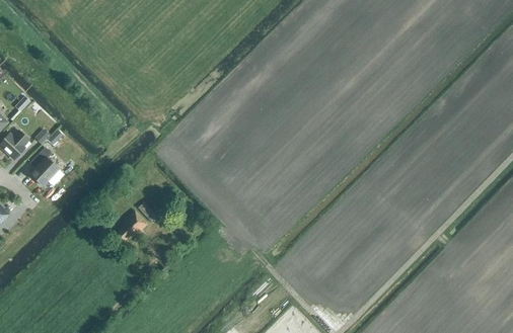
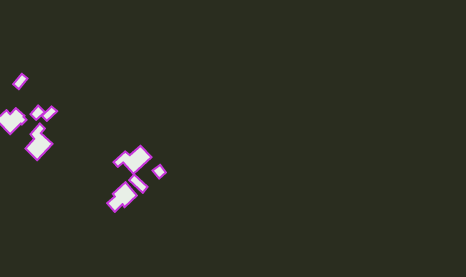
building: none -> [113,146,152,174]

